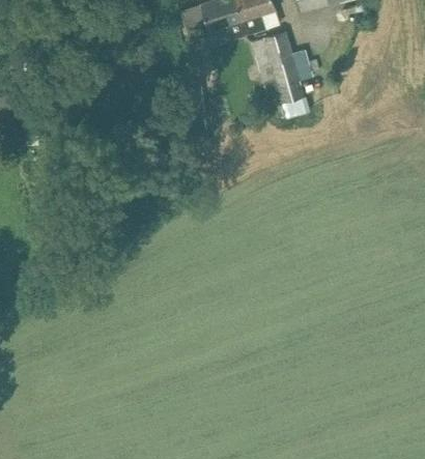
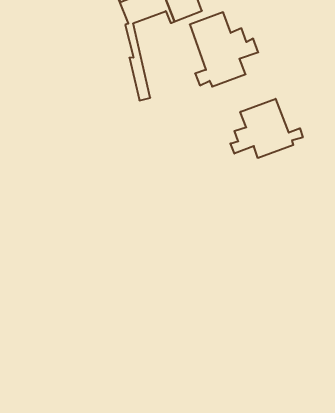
building: none -> [230,99,303,158]

